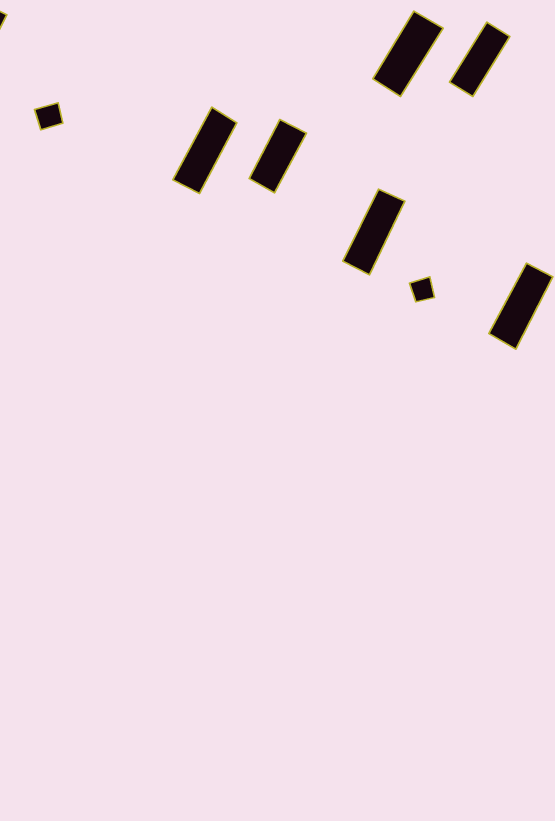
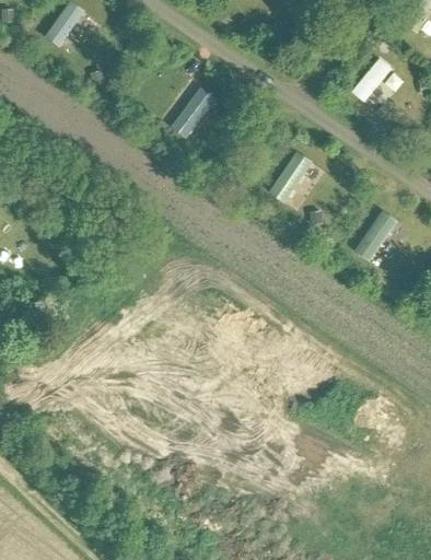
building: [373,11,443,97] -> none
building: [249,120,307,193] -> none

